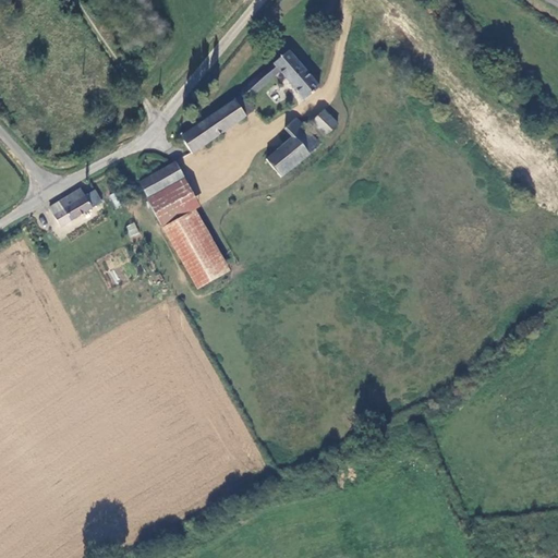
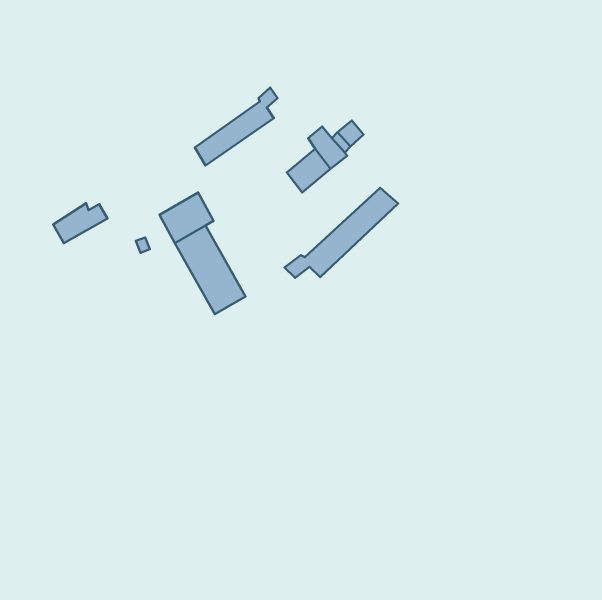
building: [251,50,319,100] -> none
building: [138,161,184,198] -> none
building: none -> [285,188,398,278]

